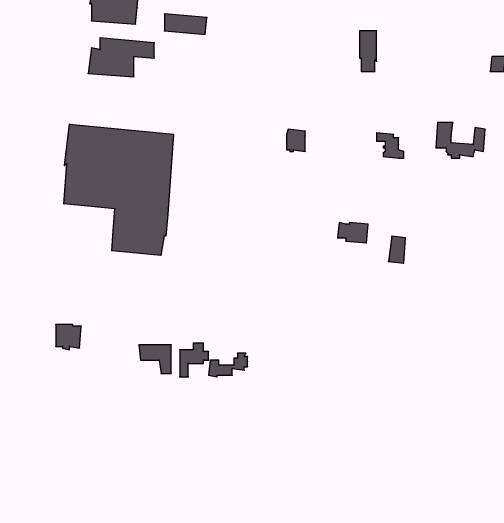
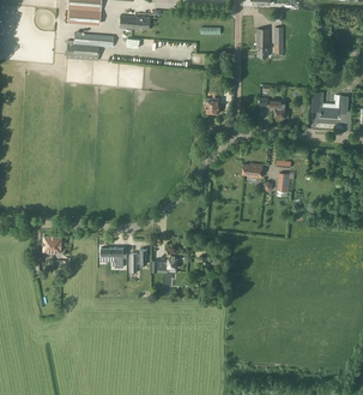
building: [64,124,174,255] -> none

